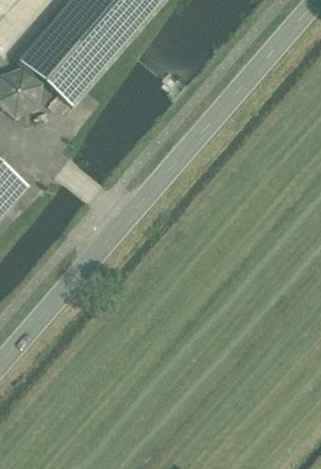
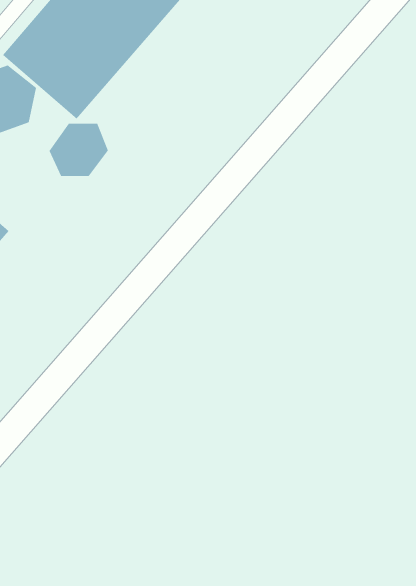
building: none -> [49,123,109,177]

